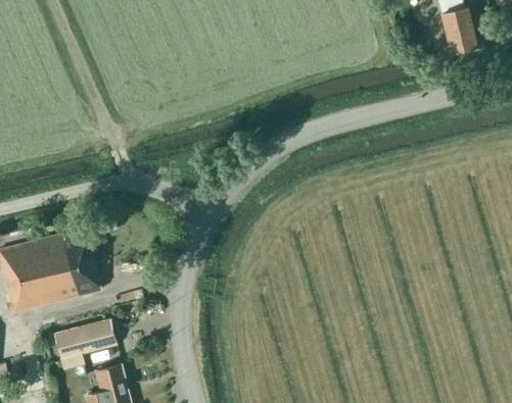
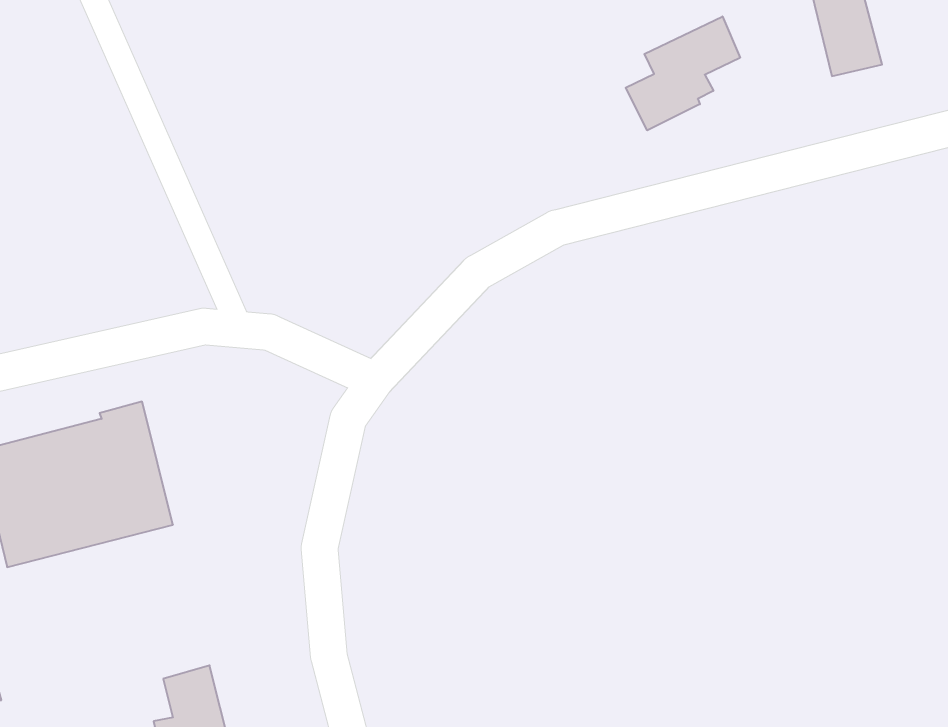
building: none -> [626,16,740,130]
building: [54,319,114,369] -> none

